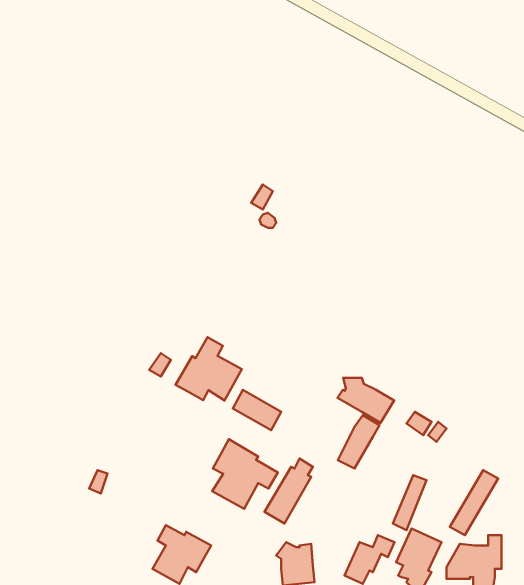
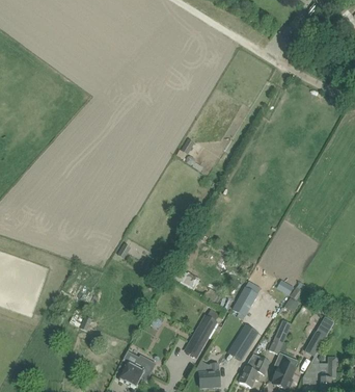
building: [176,337,242,400] -> none
building: [337,378,394,423] -> none
building: [212,439,278,509] -> none
building: none -> [228,322,258,359]

